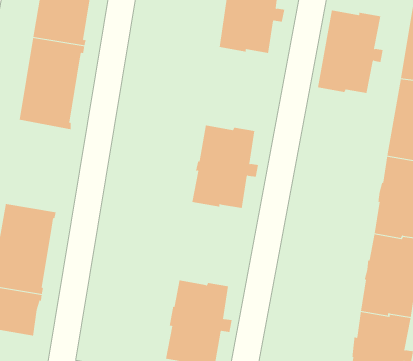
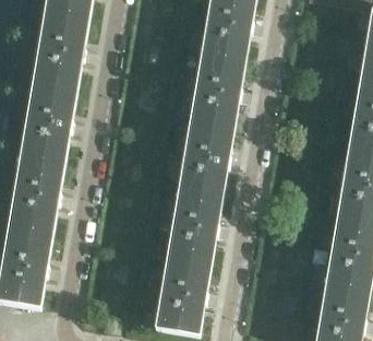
building: [317,10,384,94] -> [189,57,246,130]
building: none -> [14,120,72,201]
building: none -> [166,192,224,266]

